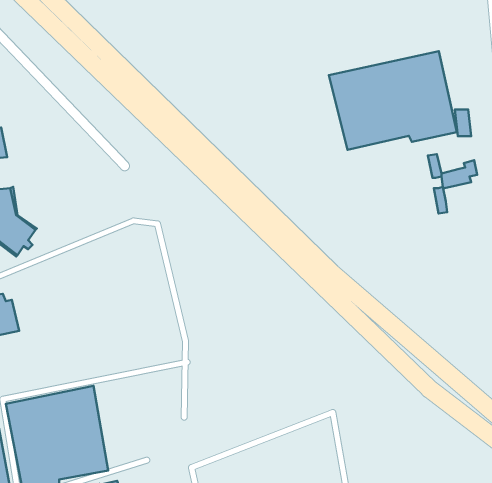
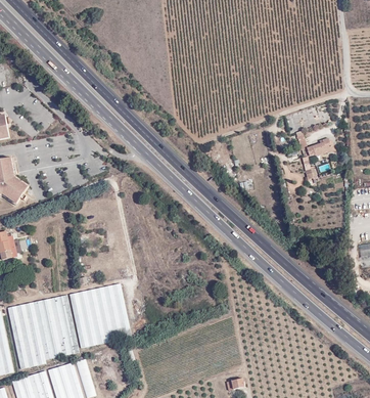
building: [329,51,457,150] -> none
building: none -> [70,282,131,348]

